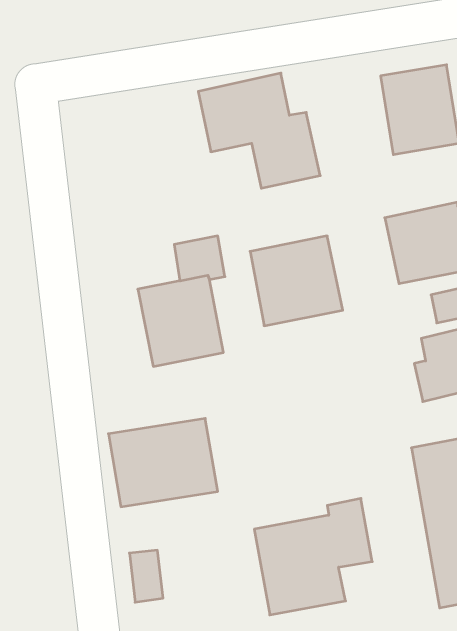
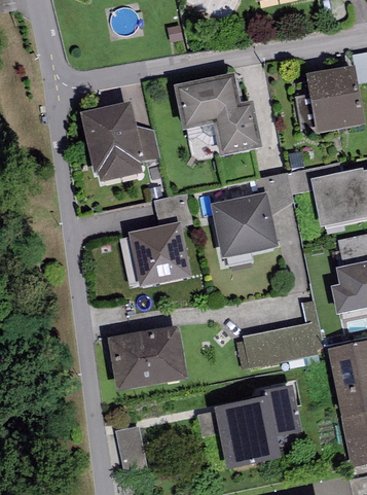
building: none -> [80,102,143,183]
building: none -> [242,317,323,365]

